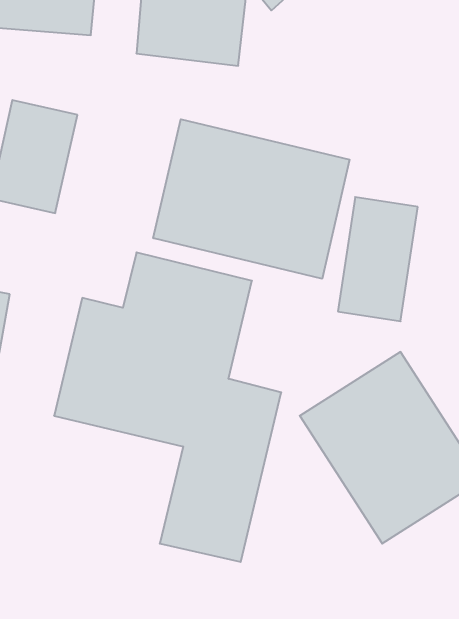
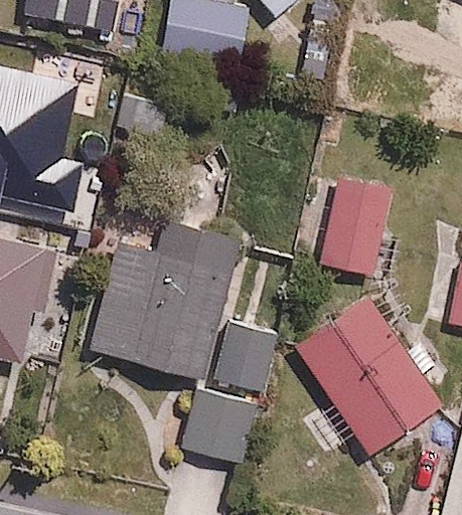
building: [153,119,350,279] -> none

